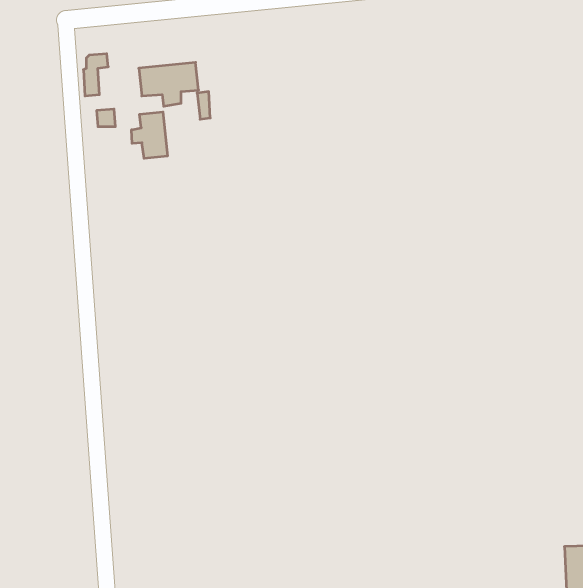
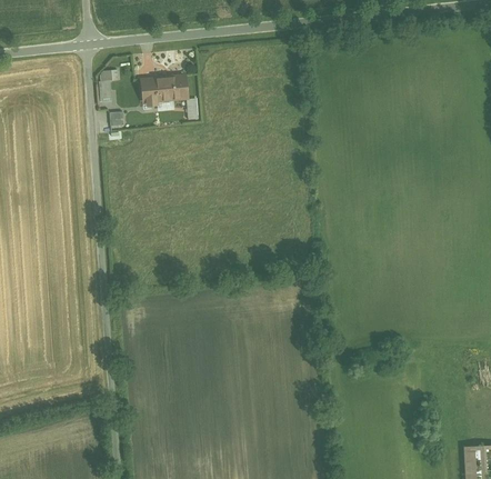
building: [132,112,167,158] -> none

